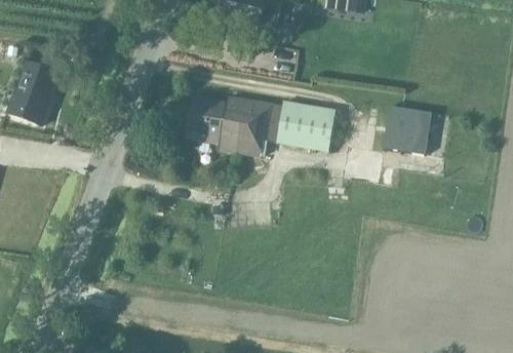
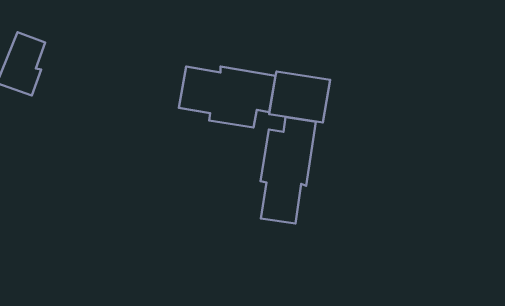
building: [383,107,433,155] -> none
building: none -> [260,117,316,224]

